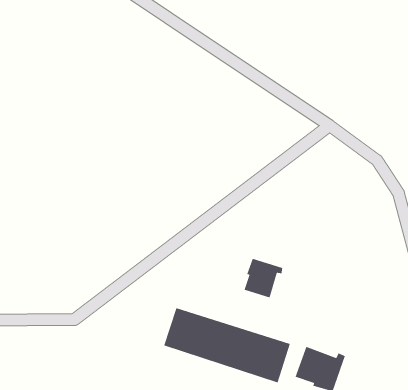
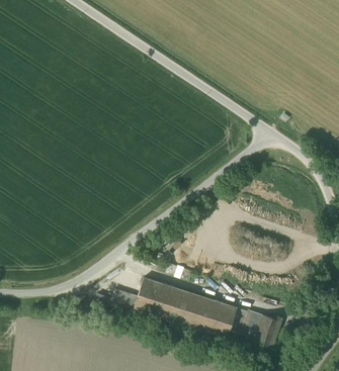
building: [243,258,283,298] -> none

